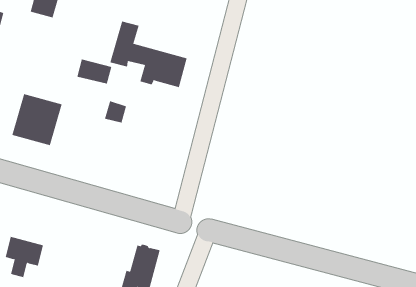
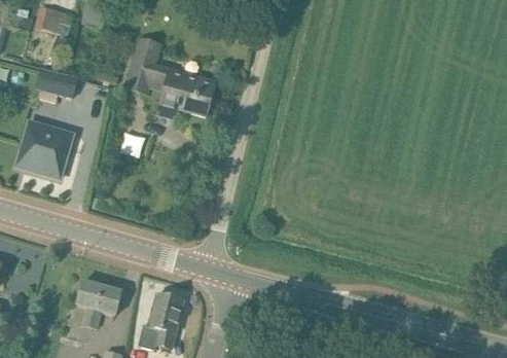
building: [77,59,112,84] -> [37,68,77,97]
building: [5,236,44,278] -> [77,280,121,327]

